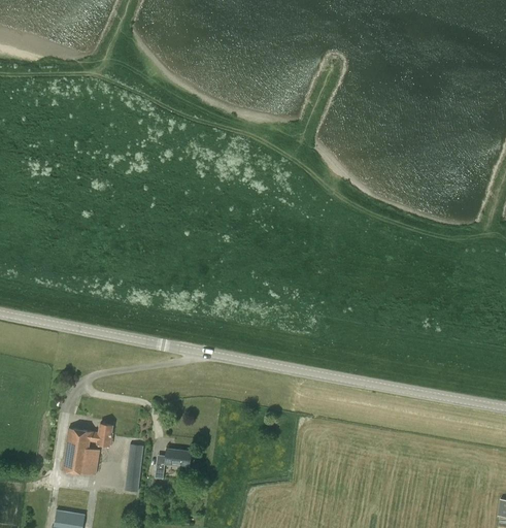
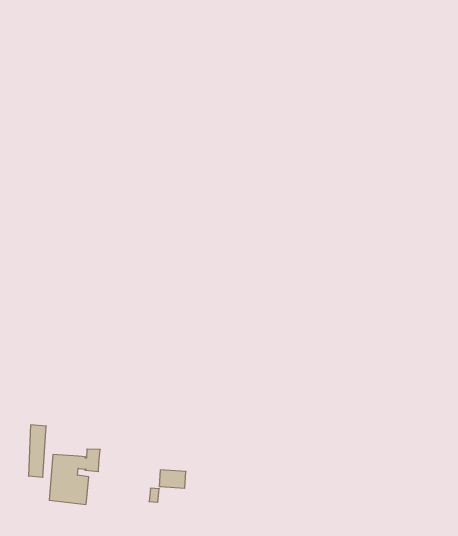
building: [125,443,144,493] -> [28,425,46,477]

